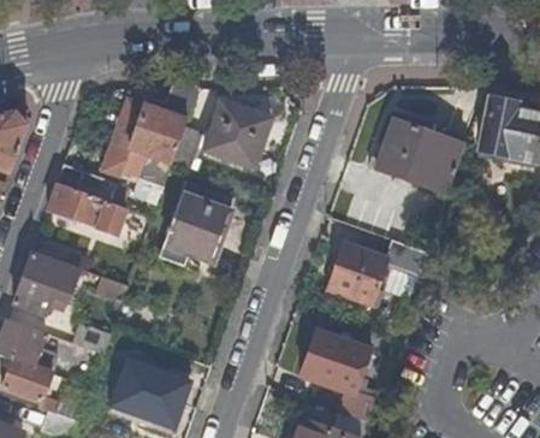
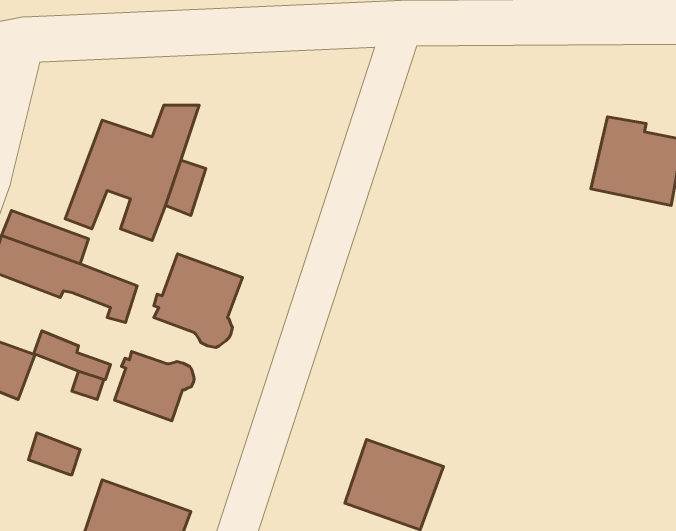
building: [202,101,269,167] -> none
building: [375,119,465,193] -> none
building: [328,238,427,303] -> none
building: none -> [114,351,194,421]

